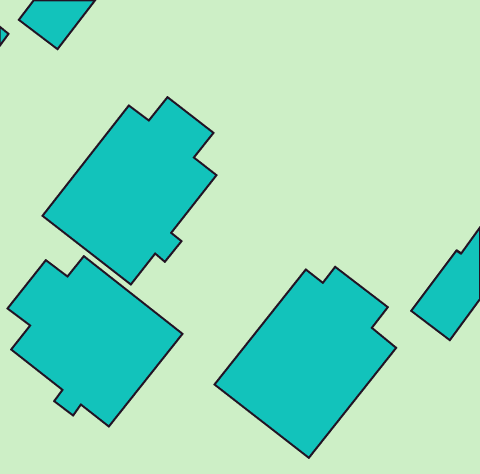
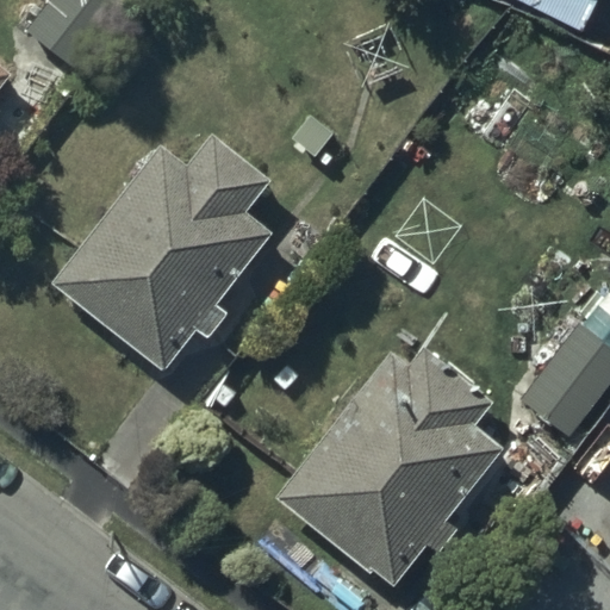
building: [8,256,182,426] -> none

